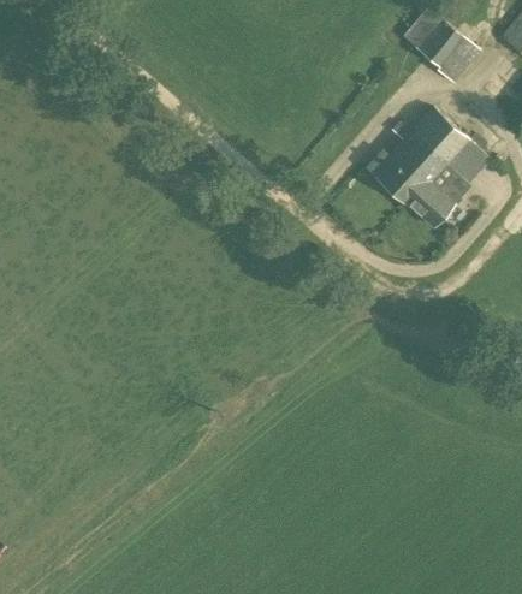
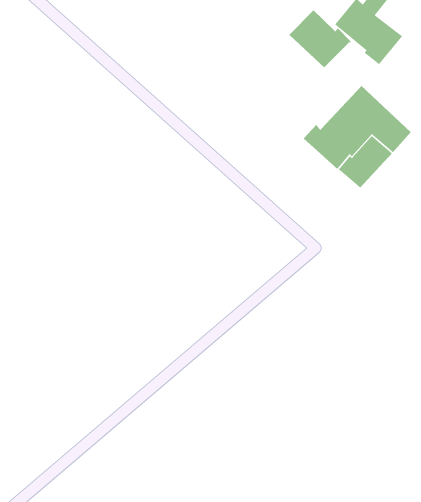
building: none -> [289,10,352,68]

